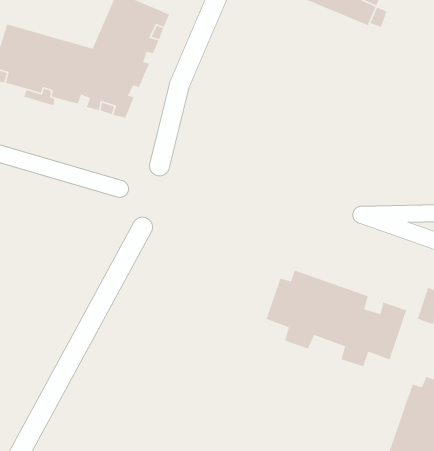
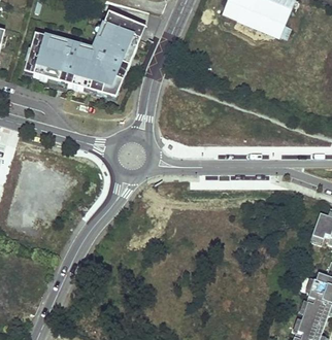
building: [265,270,407,367] -> none

